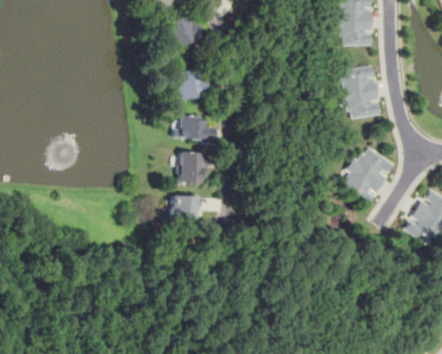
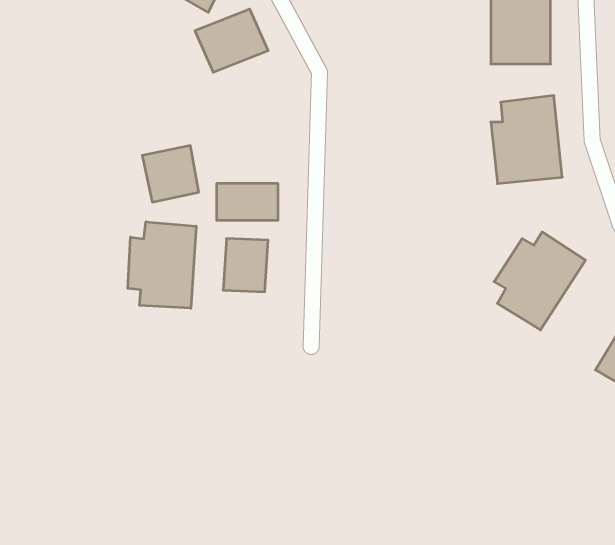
building: [174,66,208,100] -> [142,146,199,202]
building: none -> [128,222,196,308]
building: [170,194,199,224] -> none

